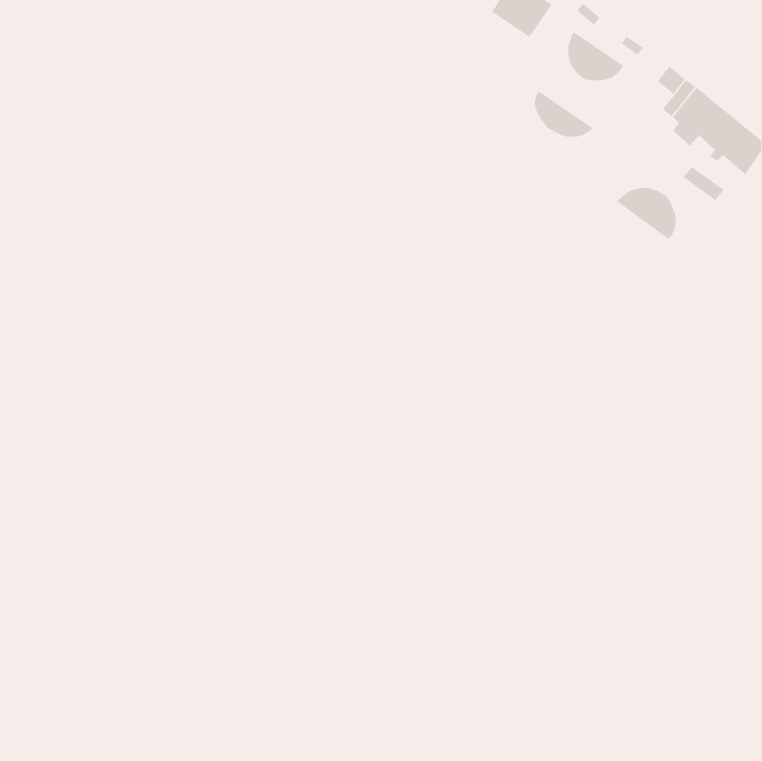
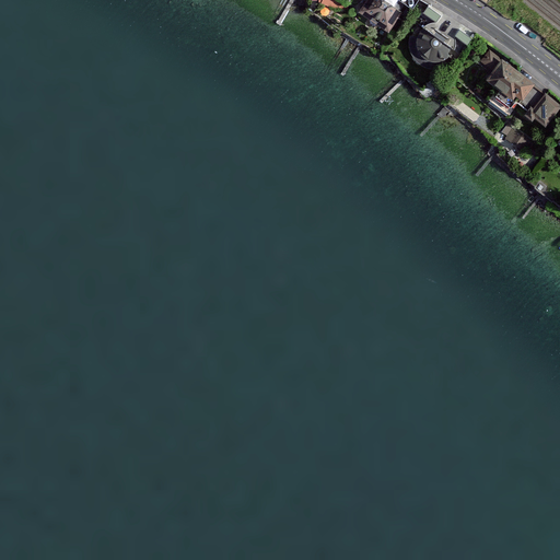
building: [534,90,594,138] -> none
building: [616,187,676,240] -> none

